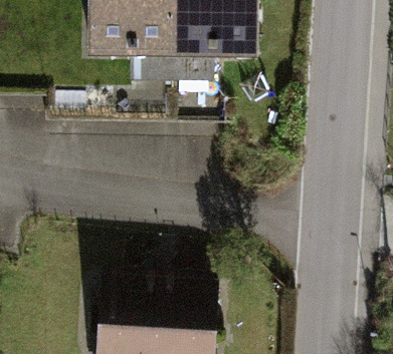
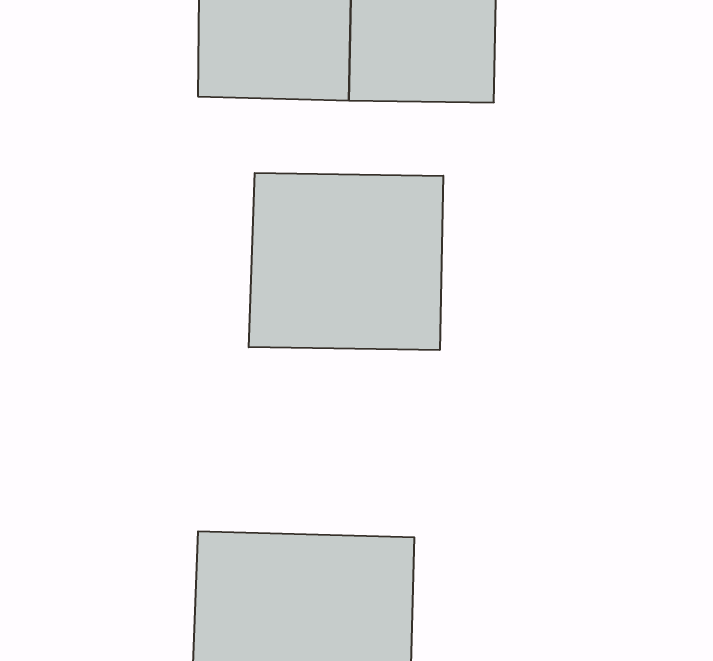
building: none -> [249,173,443,350]

